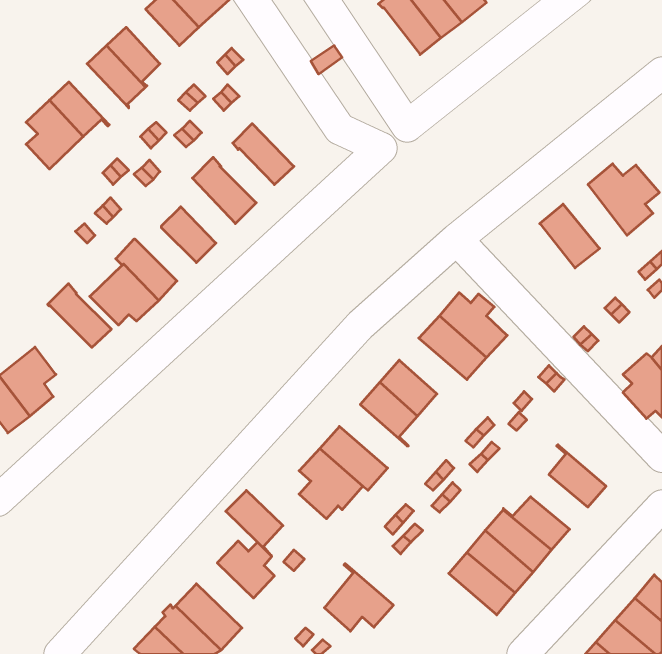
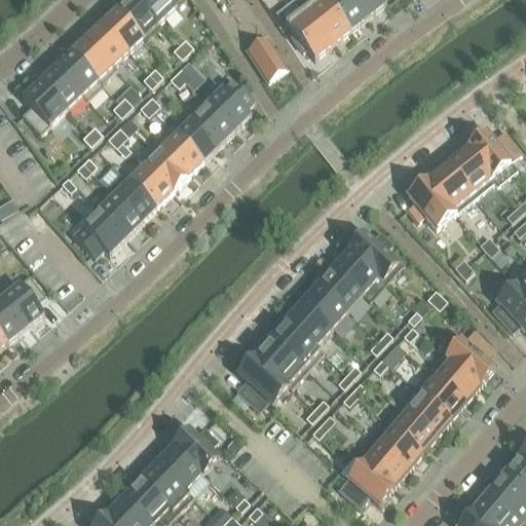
building: none -> [284,6,332,59]
building: none -> [100,7,142,50]
building: none -> [252,45,286,80]
building: none -> [54,50,102,99]
building: none -> [199,77,253,132]
building: none -> [174,117,217,160]
building: none -> [135,141,186,192]
building: none -> [445,146,492,196]
building: none -> [406,177,454,228]
building: [48,284,111,347] -> [105,172,155,222]
building: none -> [315,267,369,311]
building: none -> [268,320,322,370]
building: none -> [441,330,493,384]
building: none -> [419,375,464,418]
building: [226,490,283,555] -> [155,445,200,496]
building: [324,564,393,631] -> [338,453,392,506]

